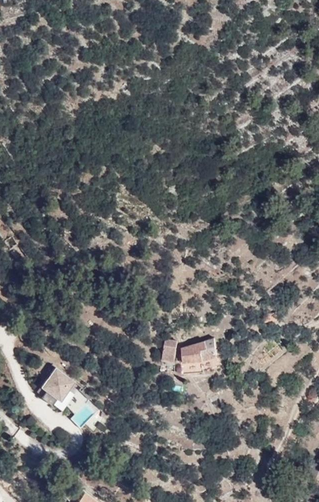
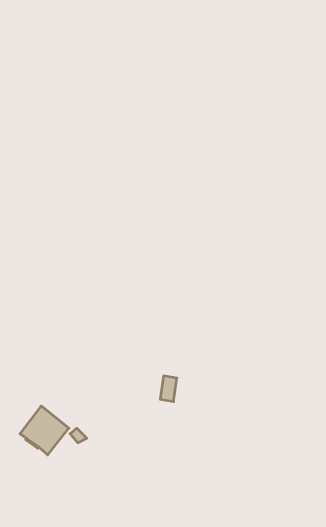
building: [179,338,217,362] -> none

